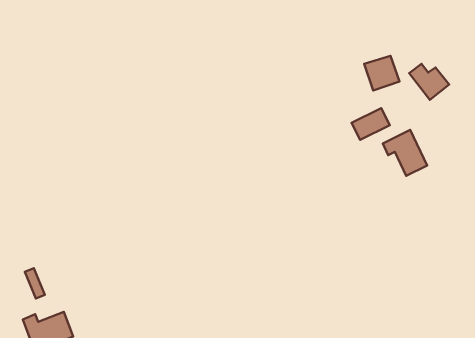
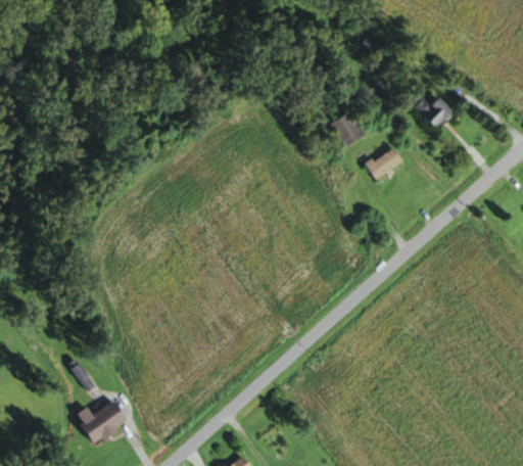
building: [364,56,400,91] -> [327,111,365,148]
building: [383,130,427,176] -> none

